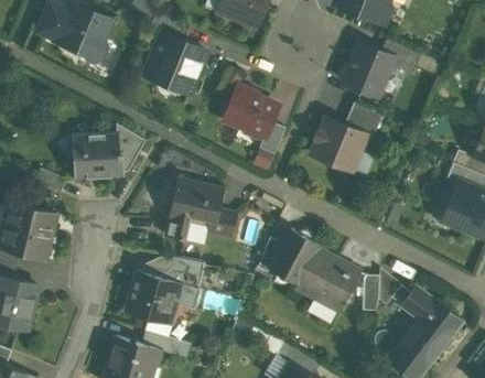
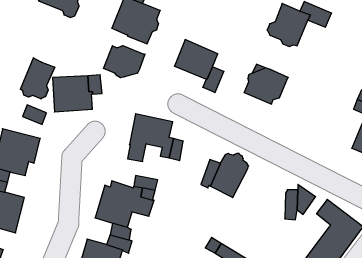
building: none -> [103,46,145,78]
building: [345,104,382,139] -> none
building: none -> [20,58,55,99]
building: [295,249,360,312] -> none

